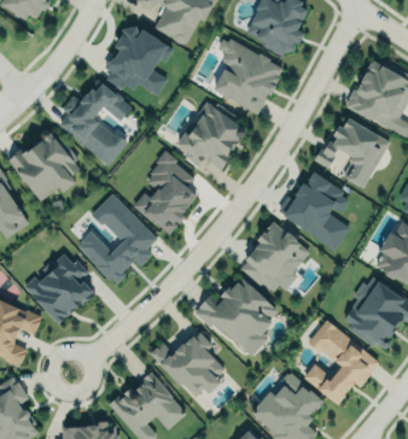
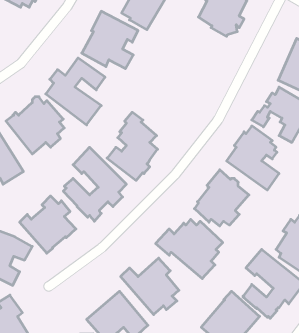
building: [212,37,282,115] -> none
building: [177,103,246,170] -> none

